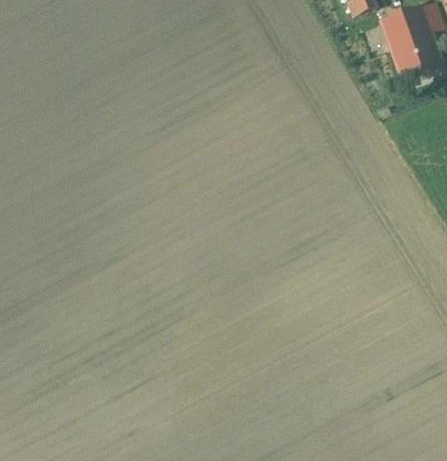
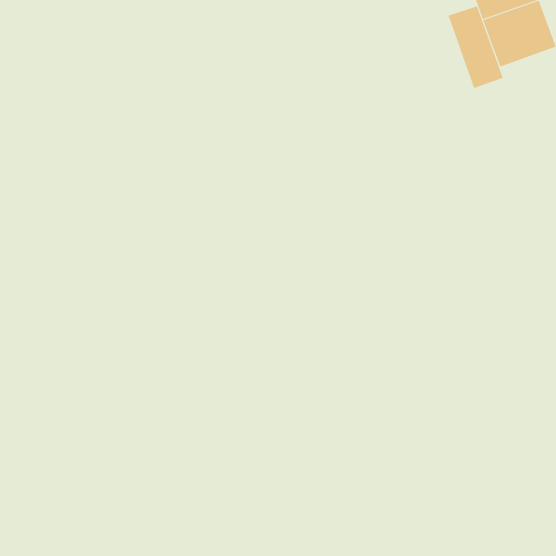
building: none -> [448,5,504,89]

